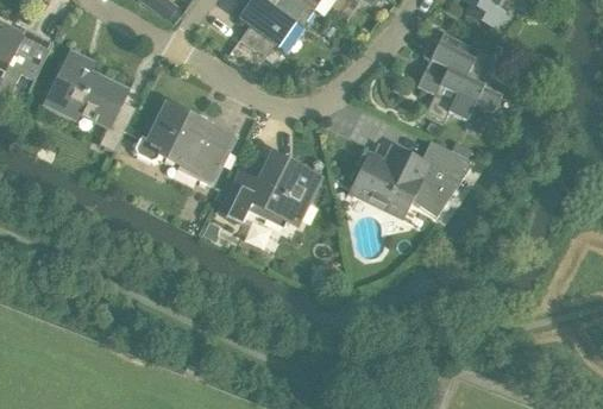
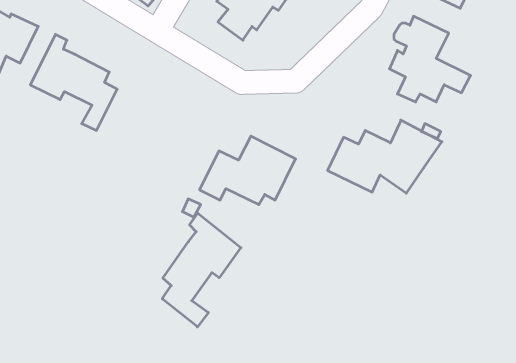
building: [134,102,238,184] -> none
building: none -> [162,213,241,327]

